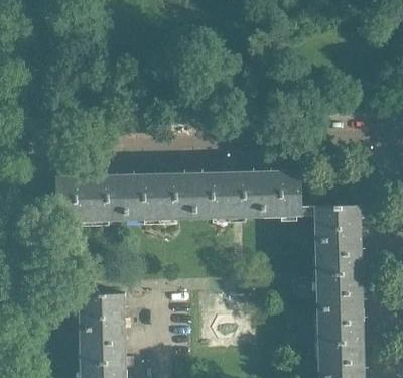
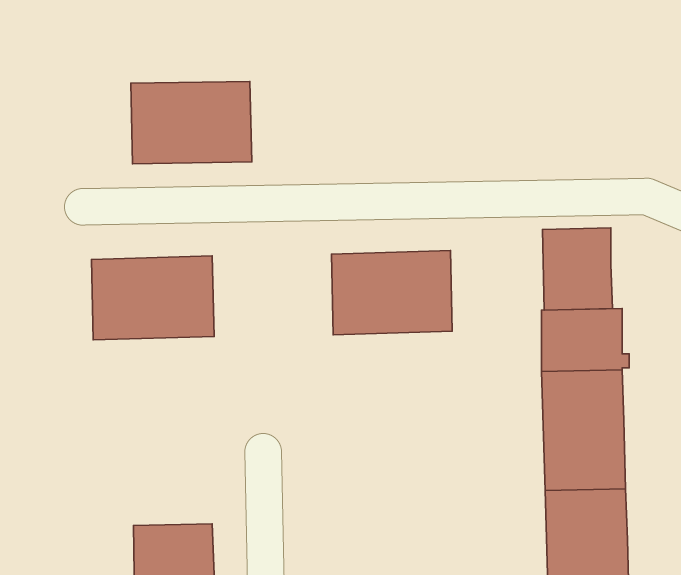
building: [262,170,302,218] -> [542,228,612,310]
building: [125,173,194,221] -> [131,81,252,164]
building: [79,293,129,330] -> none

